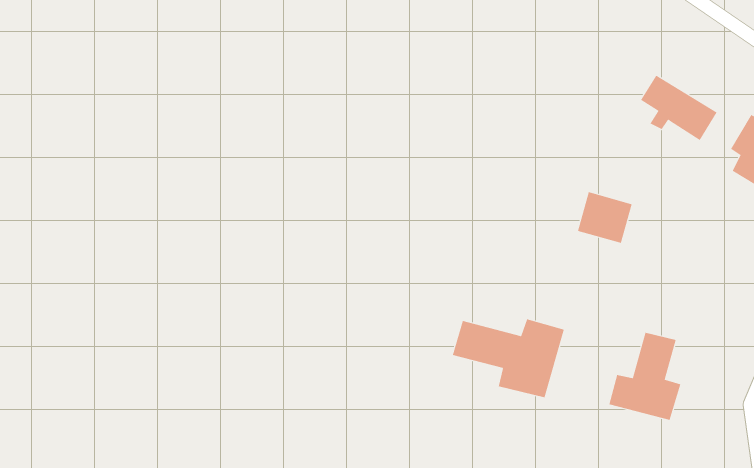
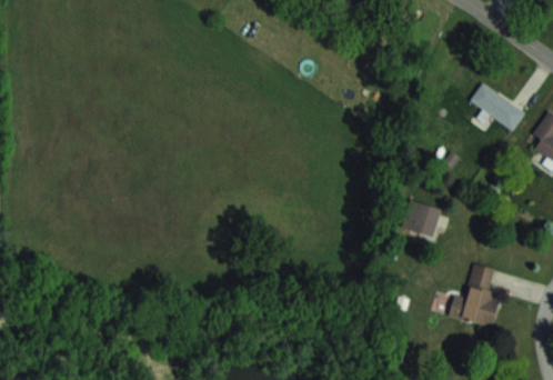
building: [577,192,633,244] -> [402,201,441,238]
building: [452,318,565,398] -> none

